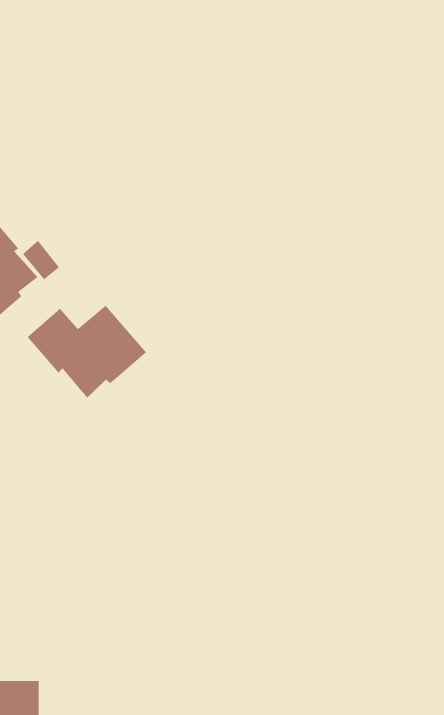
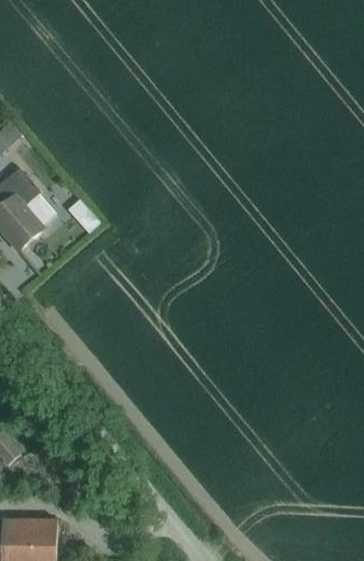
building: [27,305,147,399] -> none

